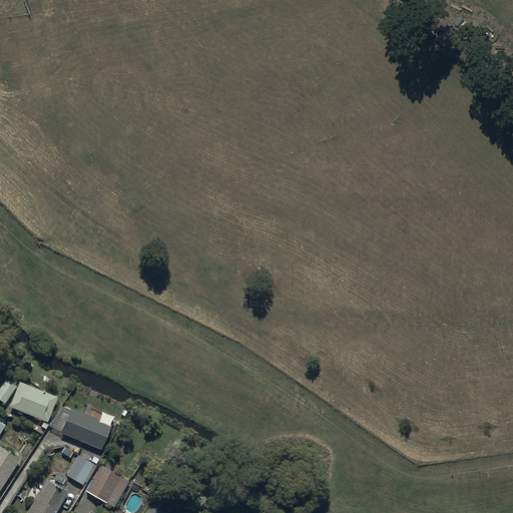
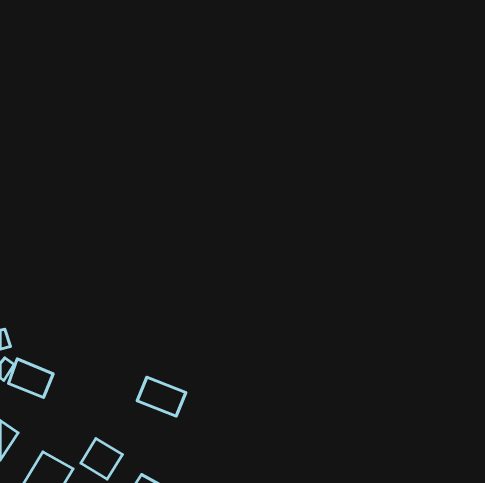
building: [59,408,110,449] -> [137,377,186,416]
building: [65,455,94,485] -> none

